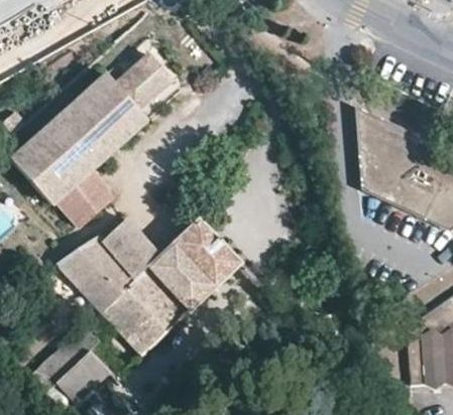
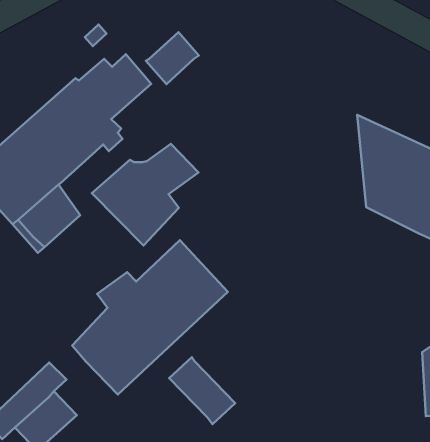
building: none -> [146,32,199,84]
building: [60,222,153,311] -> [92,144,198,246]
building: none -> [169,357,235,424]

